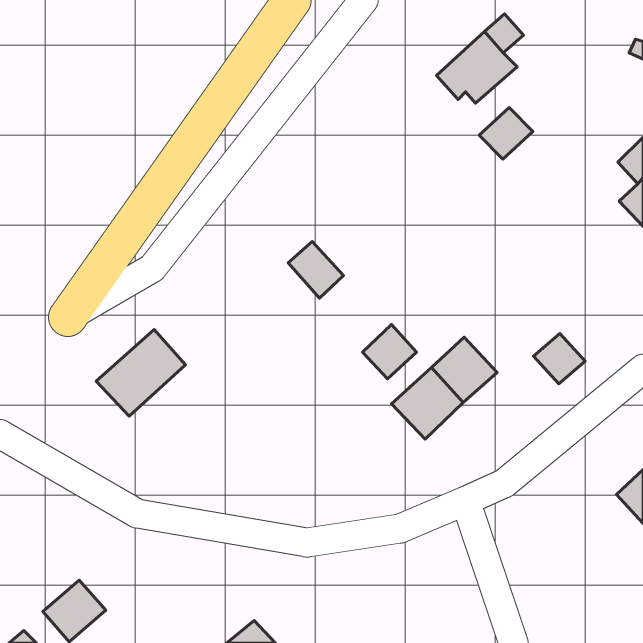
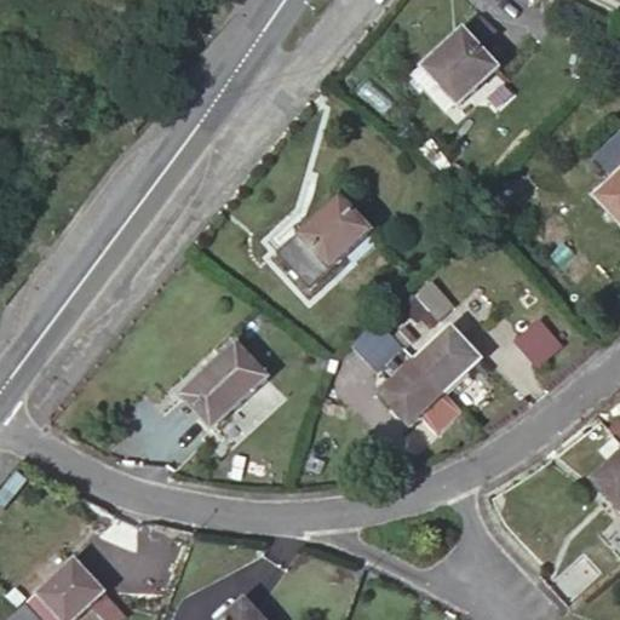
building: [479,108,533,159] -> none
building: none -> [300,197,368,265]
building: none -> [400,281,454,335]
building: [96,329,186,416] -> [182,343,268,426]

